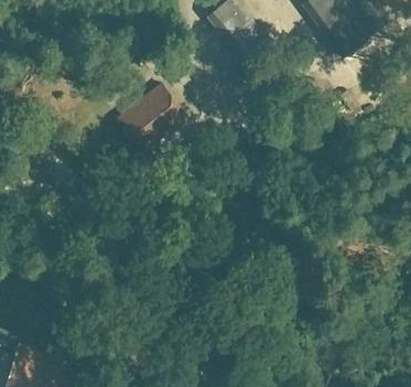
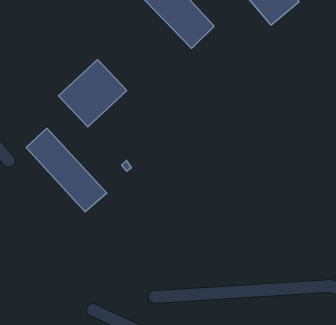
building: none -> [26,128,107,212]

